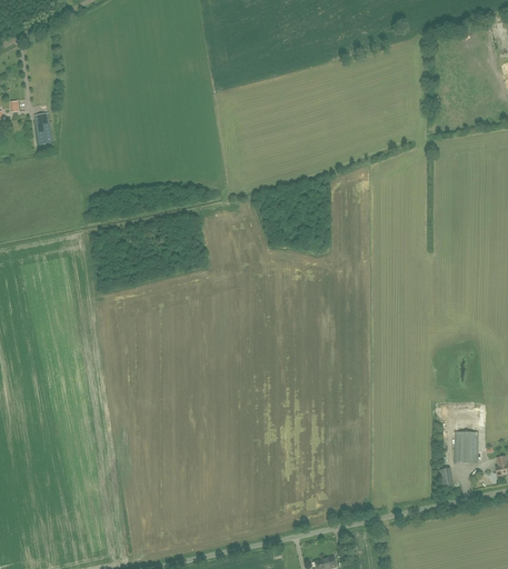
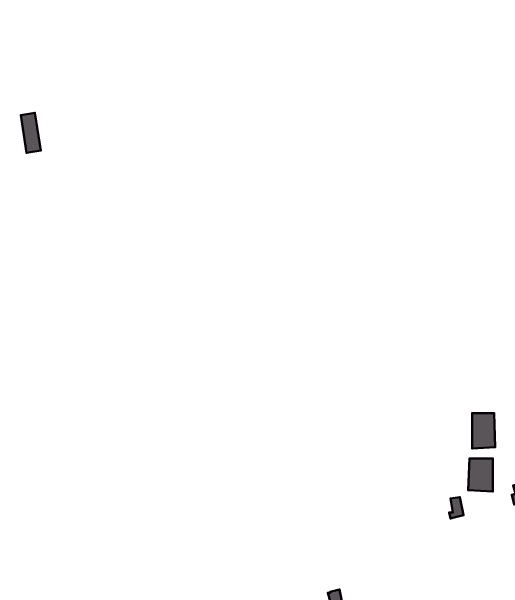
building: none -> [472,413,495,448]

